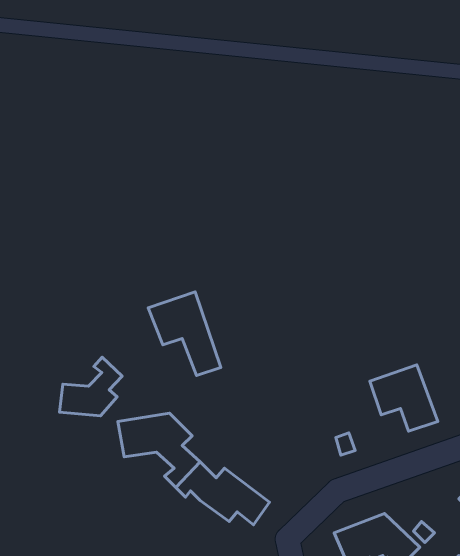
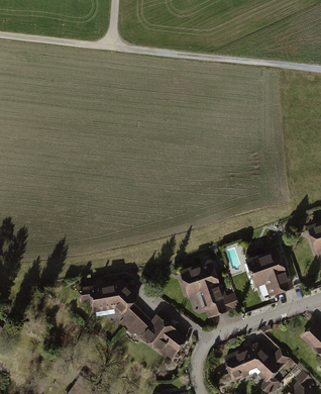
building: [148,292,221,376] -> [181,263,226,315]
building: [60,357,122,416] -> none

